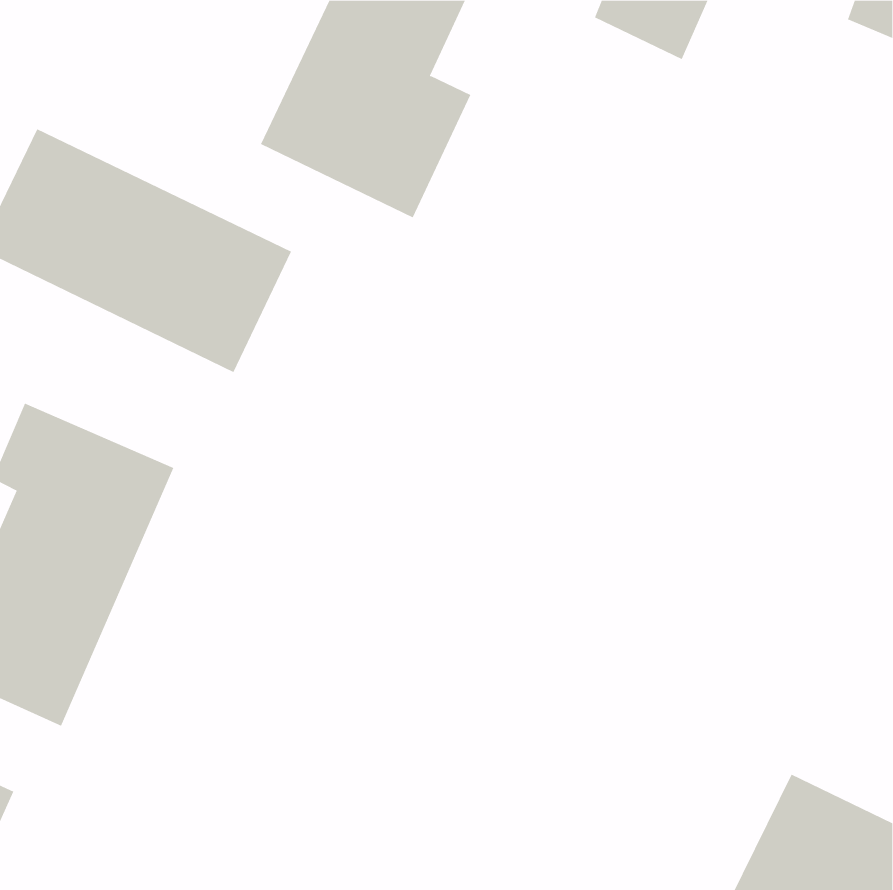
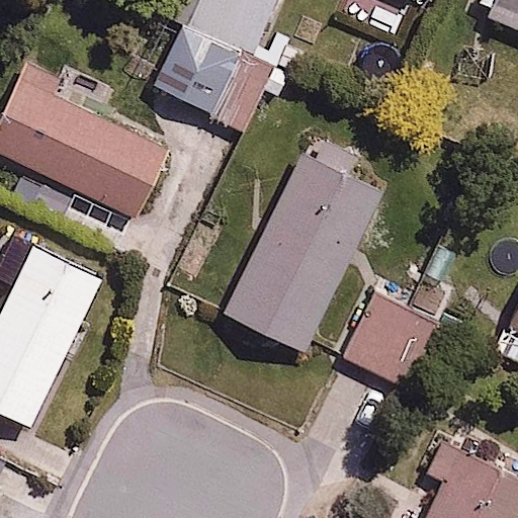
building: none -> [225,154,385,349]
building: none -> [349,293,436,383]

